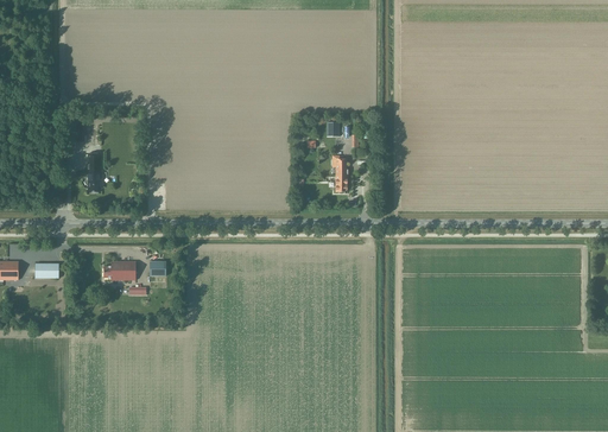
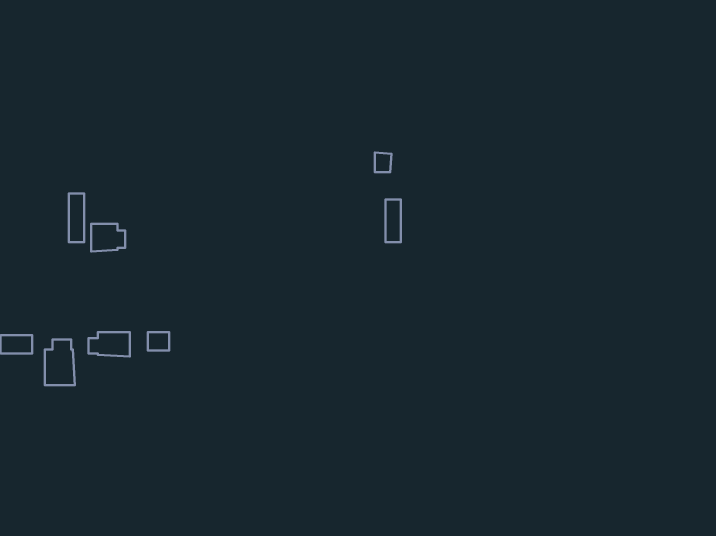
building: none -> [91,224,125,251]
building: none -> [45,339,75,385]

